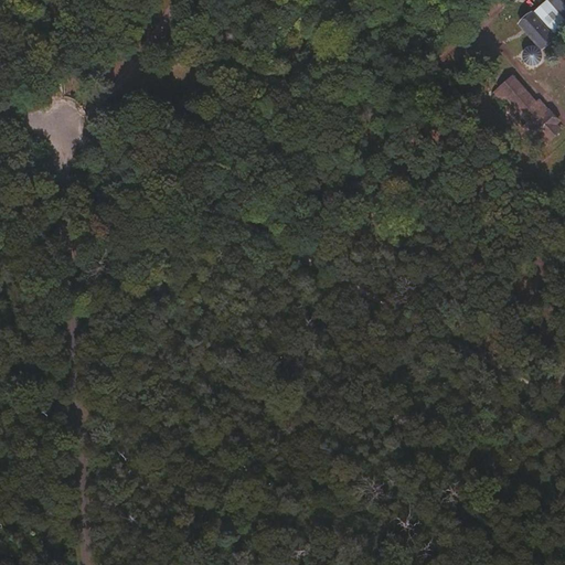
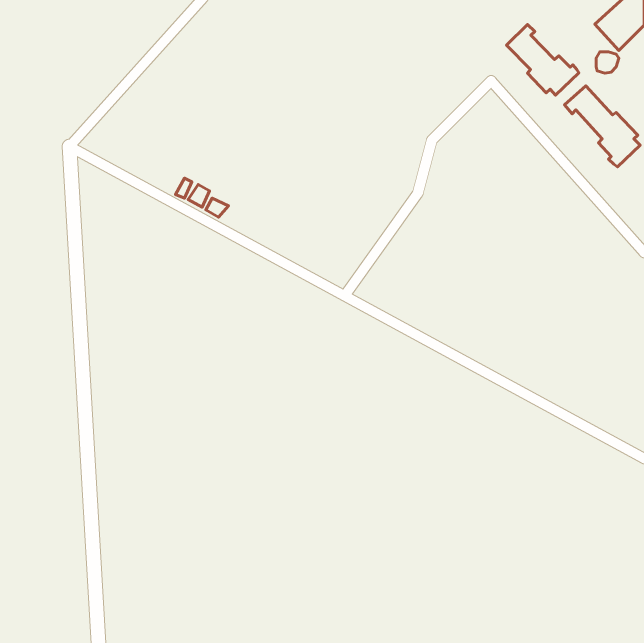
building: none -> [507,24,579,95]

